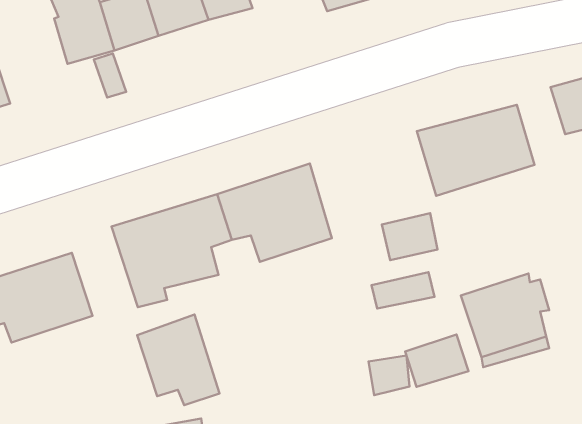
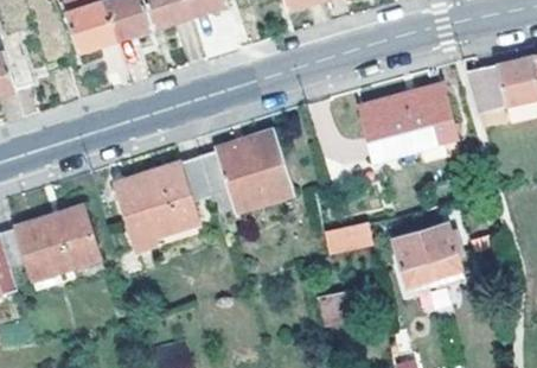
building: [382,213,437,260] -> none
building: [137,315,220,405] -> none
building: [405,335,468,387] -> none

